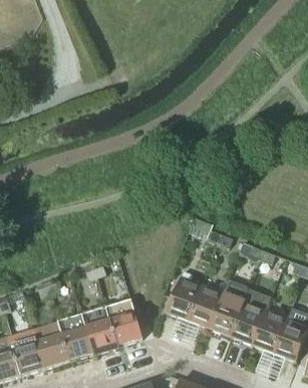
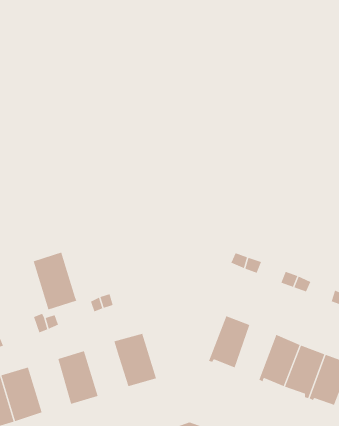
building: [167,275,203,323] -> none
building: [211,292,246,339] -> none
building: [81,306,119,356] -> [33,252,77,310]
building: [33,321,69,367] -> none

